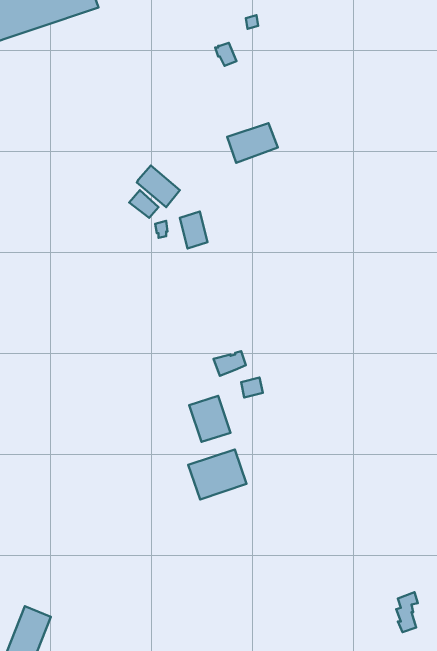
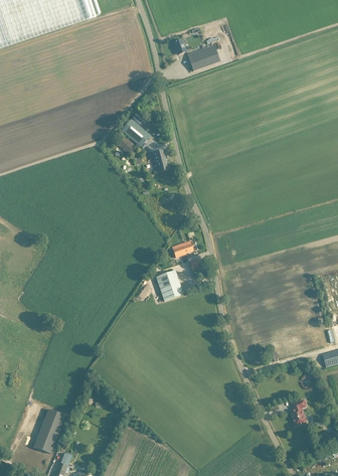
building: [227,123,278,163] -> [186,44,219,70]
building: [188,449,247,499] -> none

